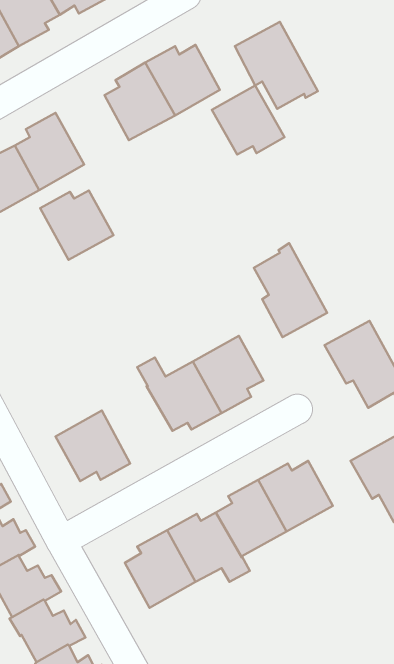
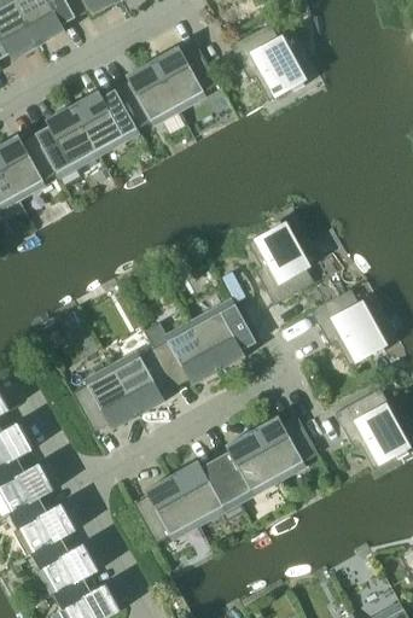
building: [212,86,284,155] -> none
building: [40,190,113,260] -> [74,87,139,148]
building: none -> [115,345,178,414]

